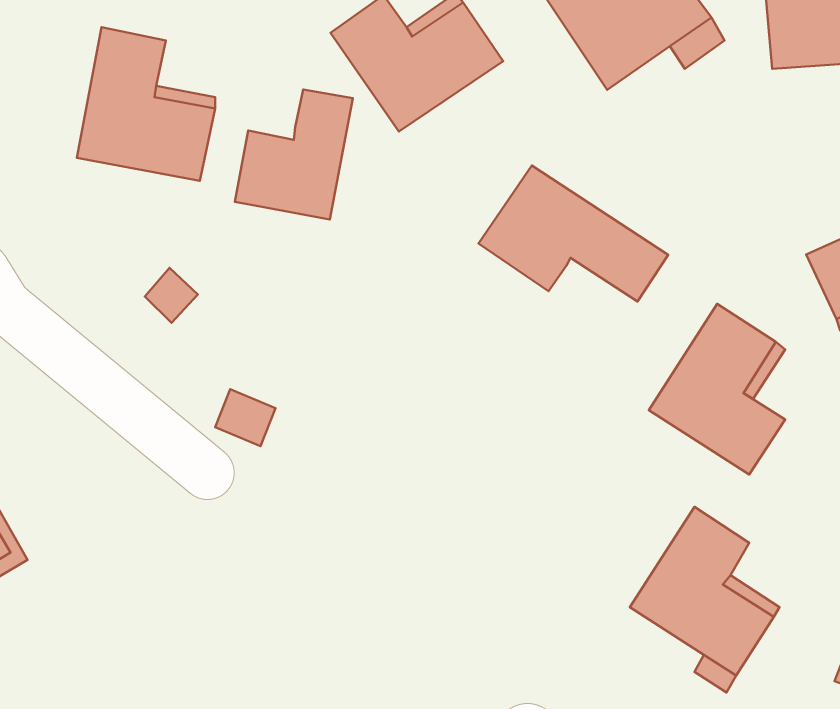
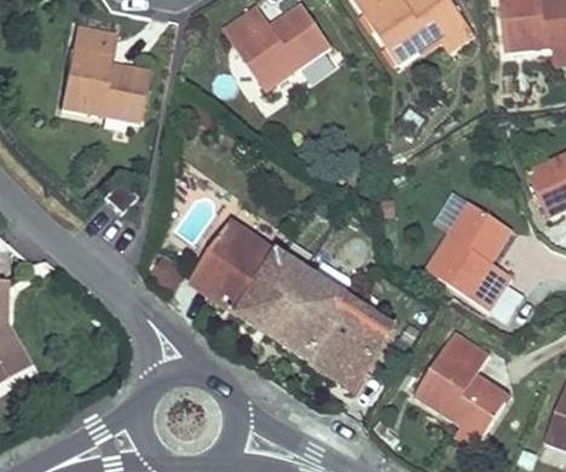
building: [235,89,353,220] -> none
building: [479,165,668,302] -> none
building: none -> [191,220,393,388]

